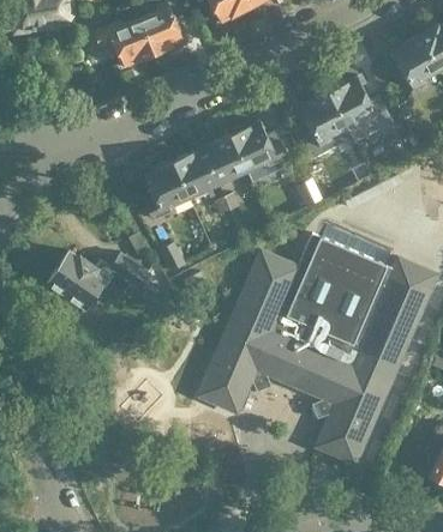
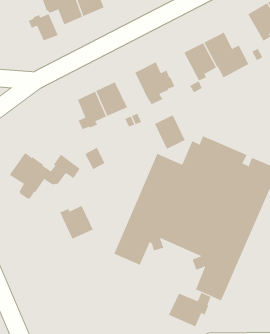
building: none -> [28,13,58,41]
building: [200,134,246,185] -> [154,115,186,149]
building: none -> [59,205,93,240]
building: none -> [168,292,211,327]

